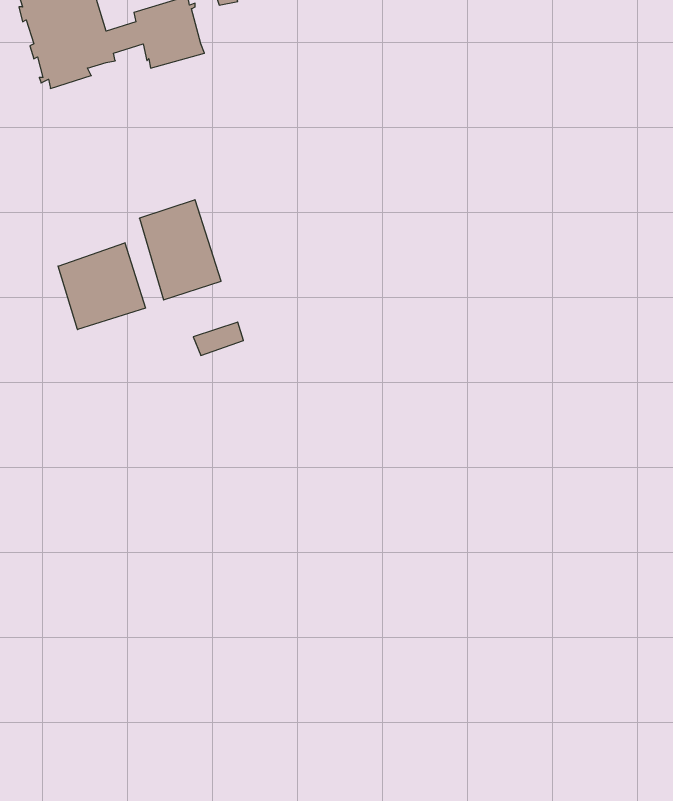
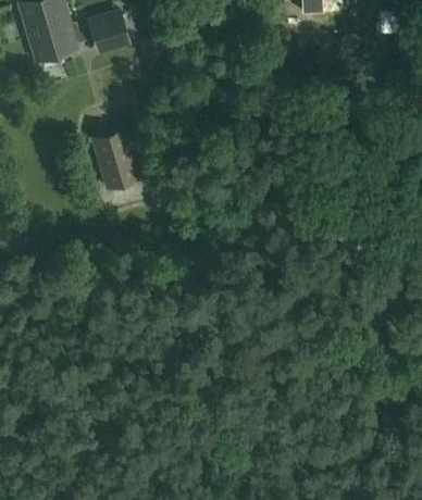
building: [58,243,146,330] -> none

